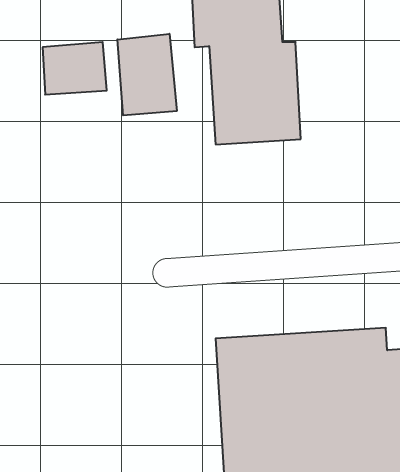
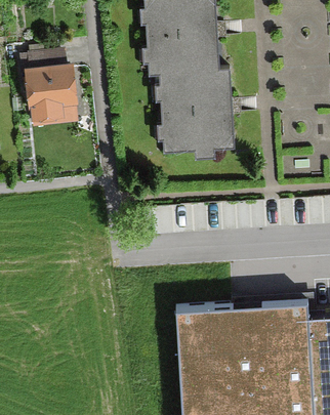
building: [117,34,177,115] -> none

